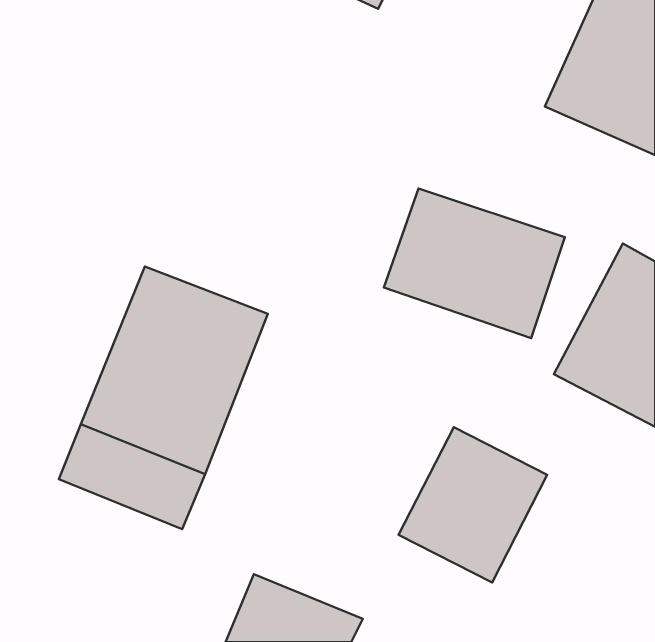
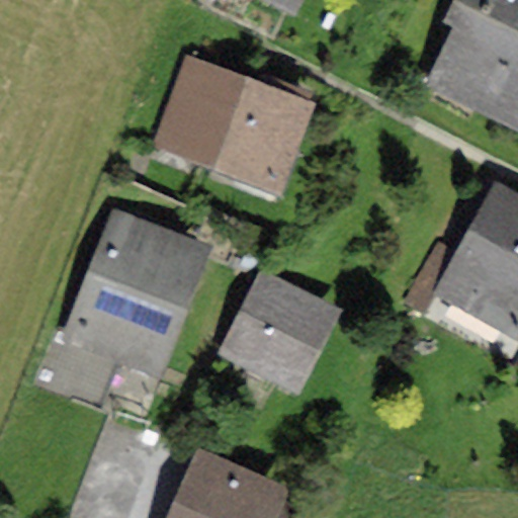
building: none -> [154,56,314,187]
building: [384,189,565,338] -> none
building: [399,427,547,582] -> [224,271,341,394]

